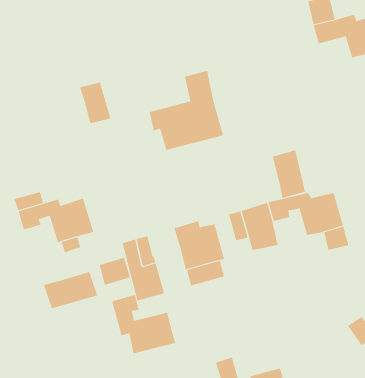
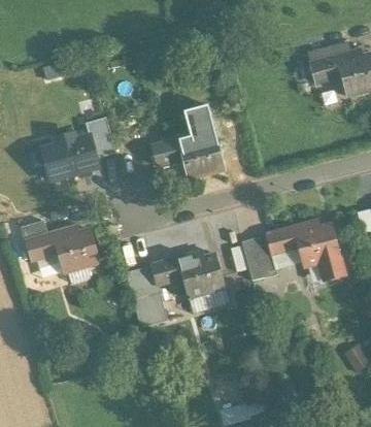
building: none -> [41,132,98,179]
building: [272,150,306,199] -> none
building: [99,257,131,285] -> [150,257,181,284]
building: [43,271,98,309] -> none
building: [112,294,176,354] -> none

